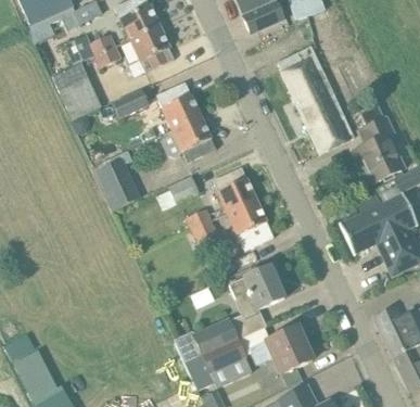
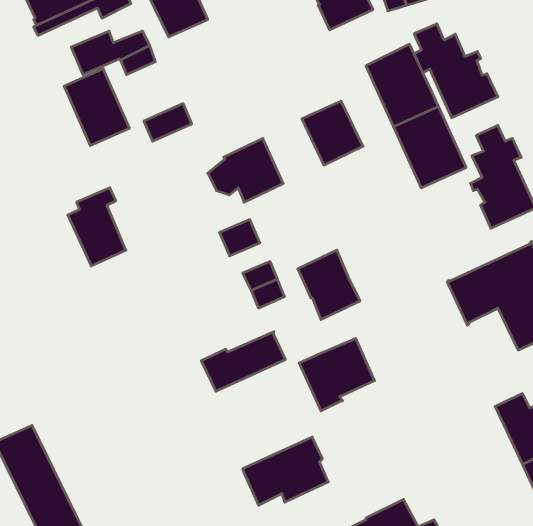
building: [131,26,175,72] -> none
building: none -> [414,24,498,118]
building: [156,81,202,129] -> [302,101,363,165]
building: [97,151,140,209] -> [68,188,126,266]
building: [213,166,257,213] -> none
building: [176,318,239,363] -> [201,332,285,391]
building: [250,326,314,374] -> none

